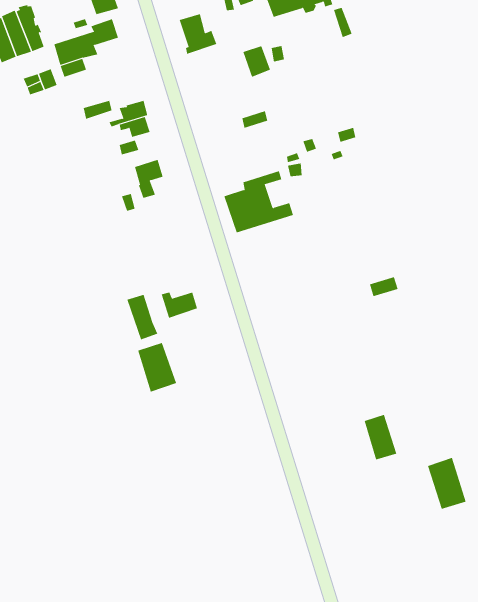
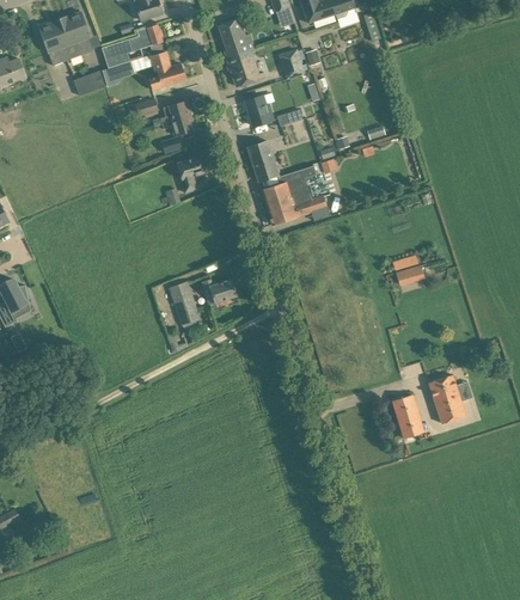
building: none -> [226,48,263,86]
building: none -> [148,51,186,90]
building: none -> [245,96,273,127]
building: none -> [247,141,279,182]
building: [137,342,177,393] -> none
building: [427,457,467,509] -> [428,374,465,423]

